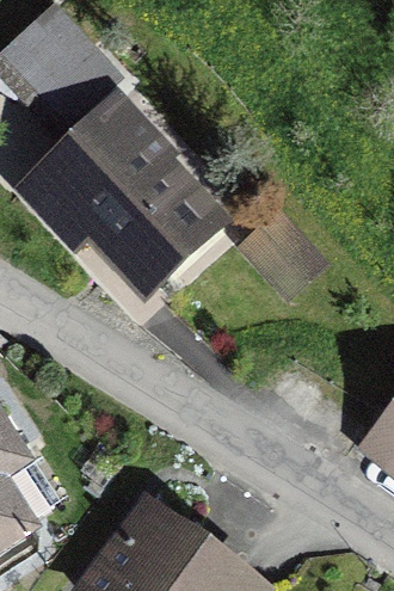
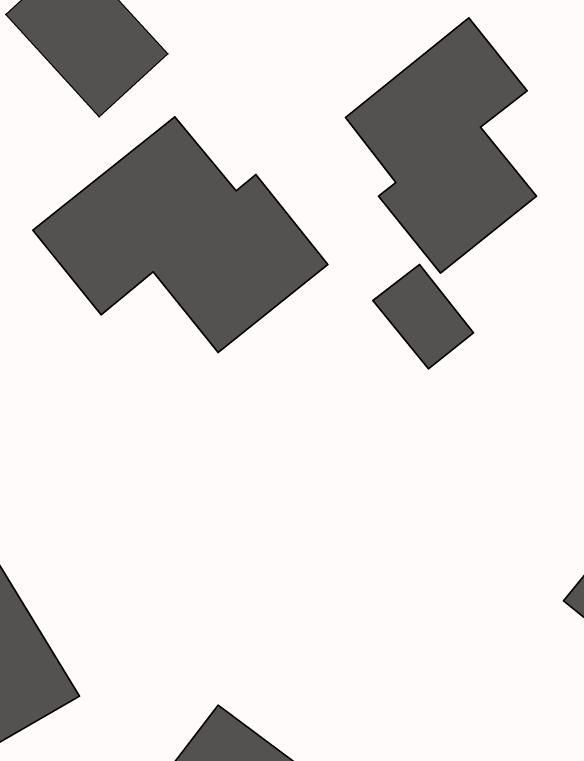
building: none -> [345,18,536,273]

